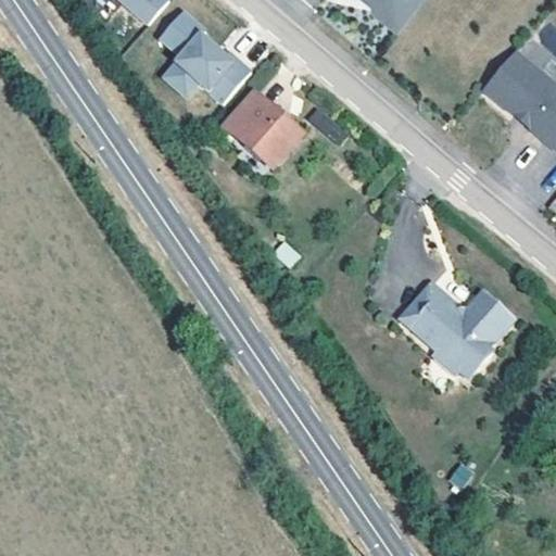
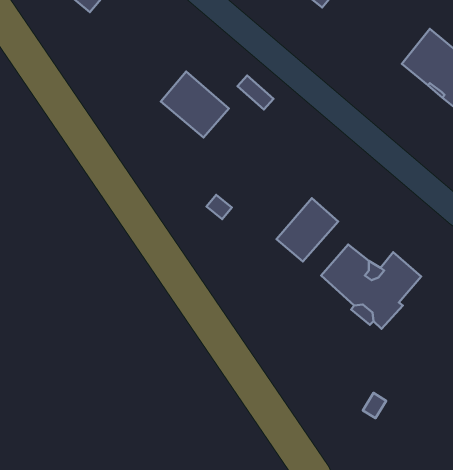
building: [163,28,247,103] -> none
building: none -> [277,198,338,262]

